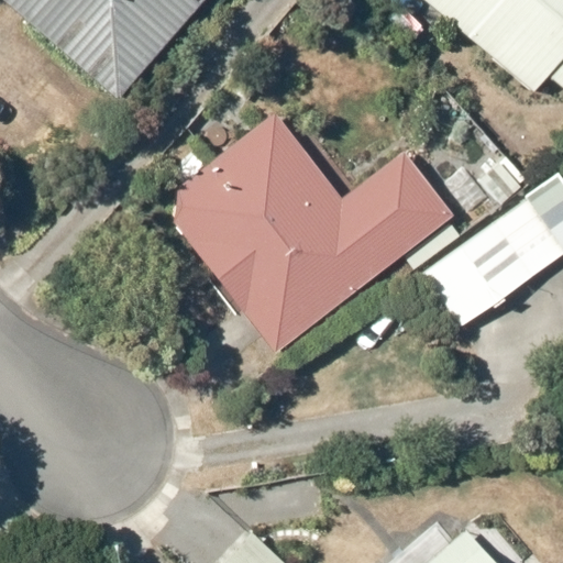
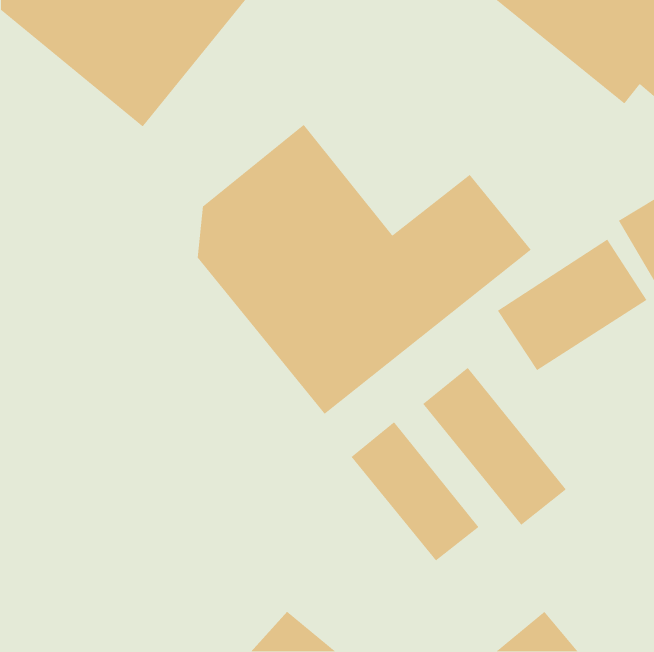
building: none -> [422,367,567,526]
building: none -> [350,421,480,562]

